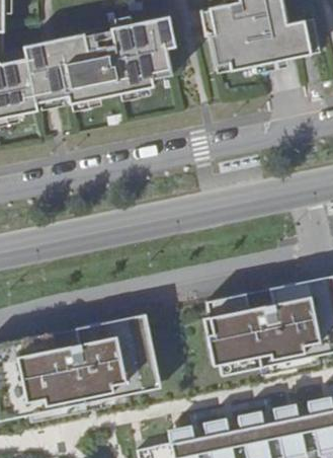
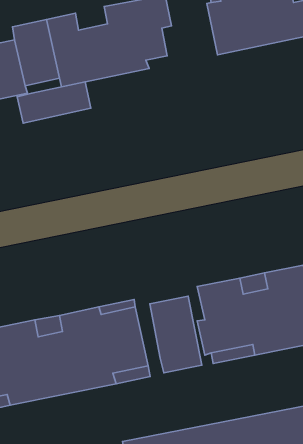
building: none -> [17,82,91,123]
building: none -> [150,296,202,373]

